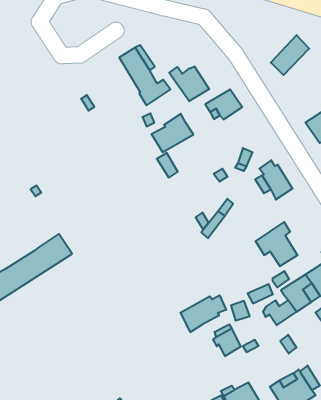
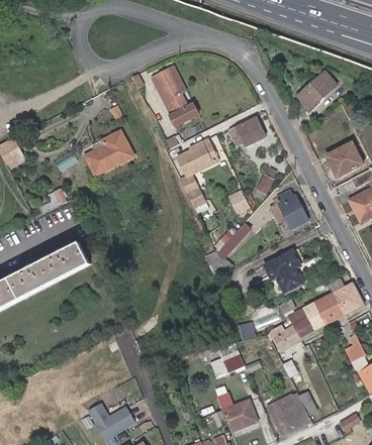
building: [169,66,209,101] -> none
building: none -> [84,131,132,176]
building: [180,295,226,332] -> none

